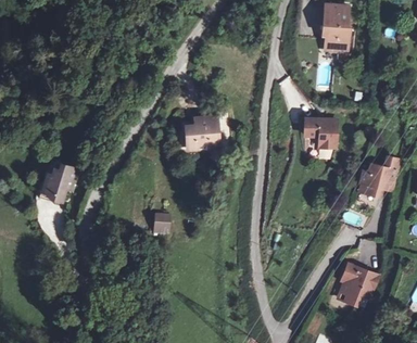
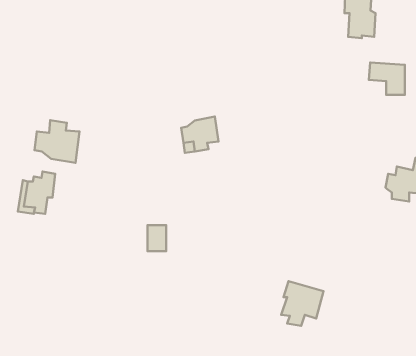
building: [304,118,336,147] -> [369,62,405,95]
building: none -> [34,120,79,163]
building: [339,263,376,302] -> [281,281,323,326]

